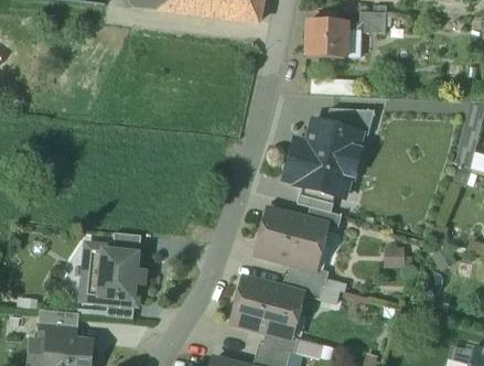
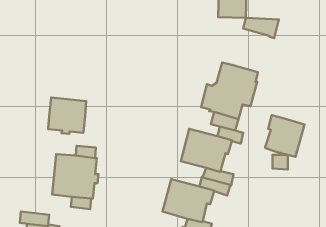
building: [326,107,375,134] -> [243,18,279,38]
building: none -> [48,97,86,134]
building: none -> [265,115,304,157]

